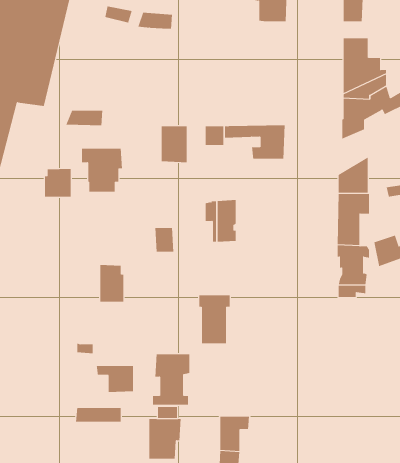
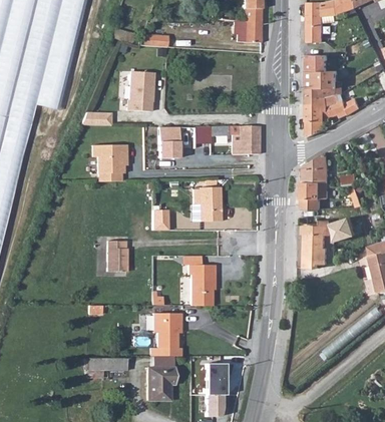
building: none -> [127,72,152,111]
building: [44,168,71,197] -> none
building: [96,365,133,393] -> none

